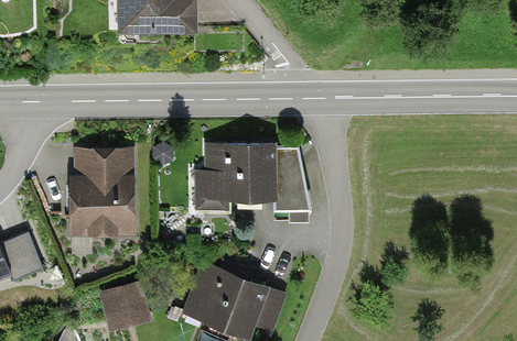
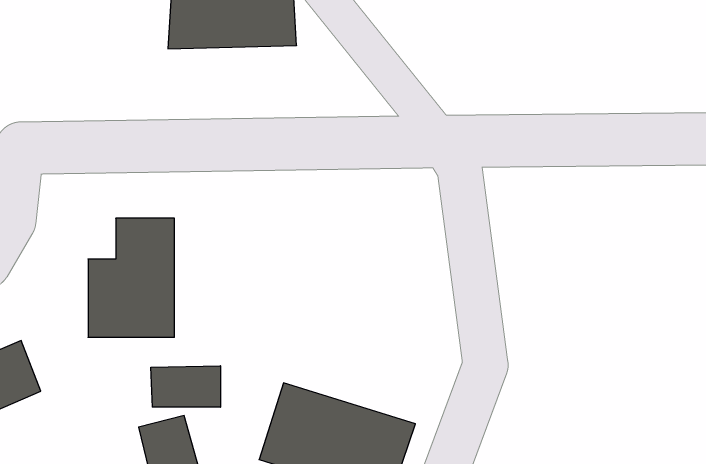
building: [193,143,315,216] -> none
building: none -> [151,366,220,407]

